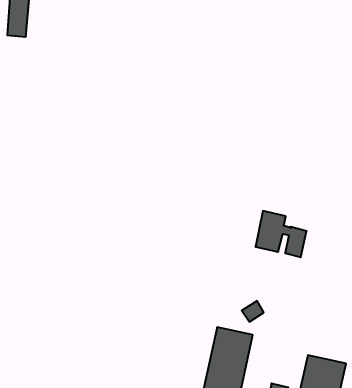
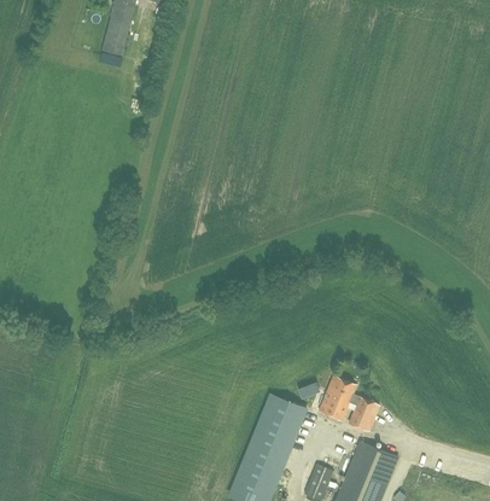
building: [255,211,307,257] -> [319,374,375,430]

